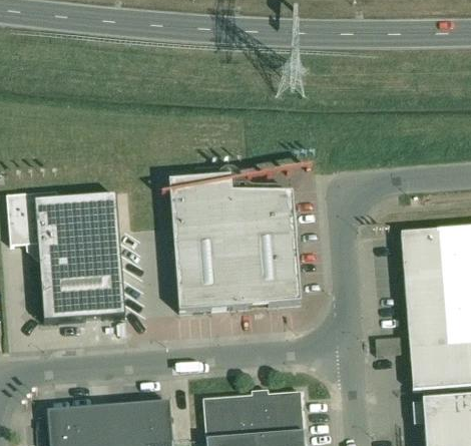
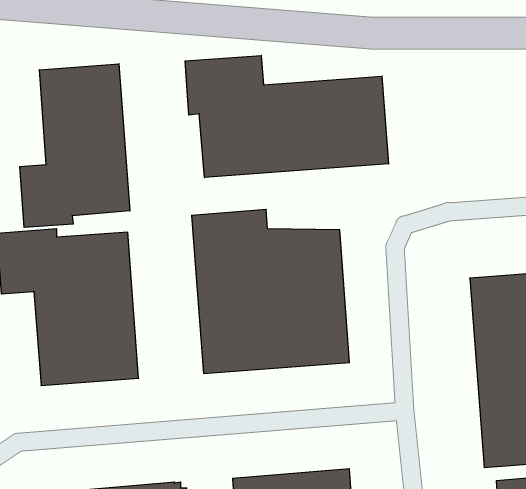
building: none -> [185,55,388,178]
building: none -> [20,64,130,227]

